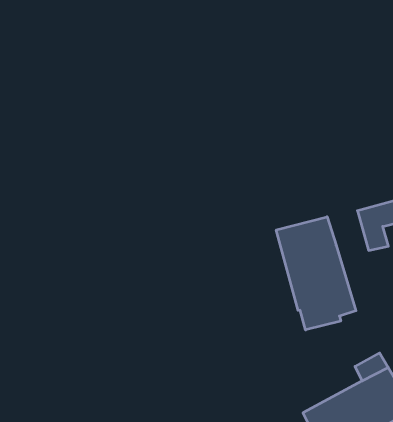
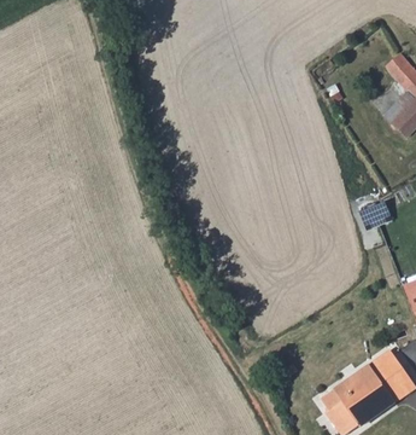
building: [276,217,356,330] -> none

